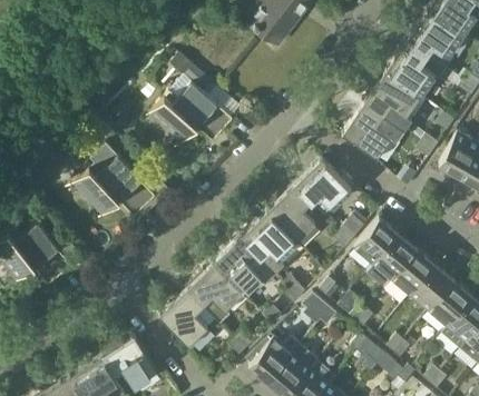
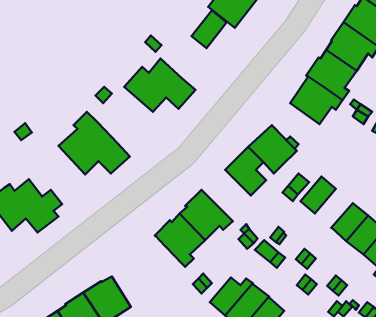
building: none -> [192,10,227,48]
building: [239,214,297,274] -> none
building: [366,236,417,290] -> none
building: [159,291,216,348] -> none

